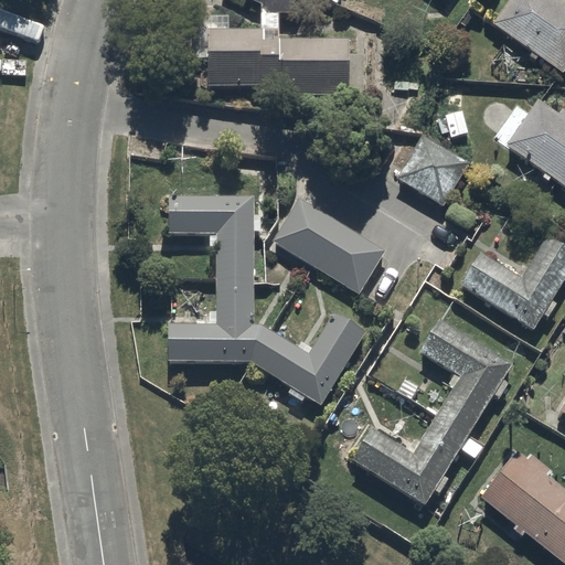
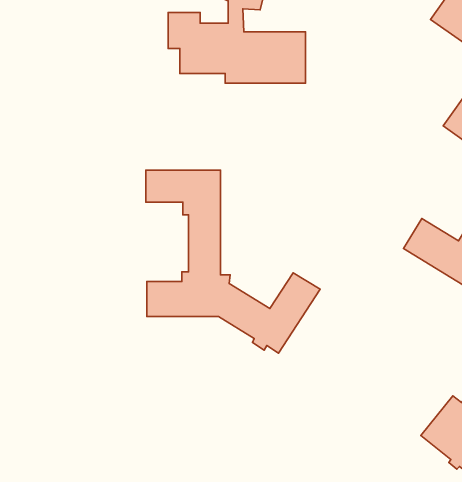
building: [398,134,470,204] -> none
building: [274,198,384,291] -> none
building: [353,320,511,504] -> none

